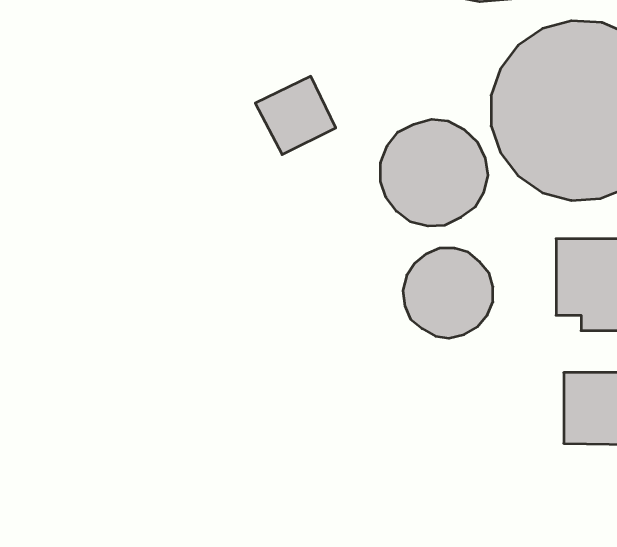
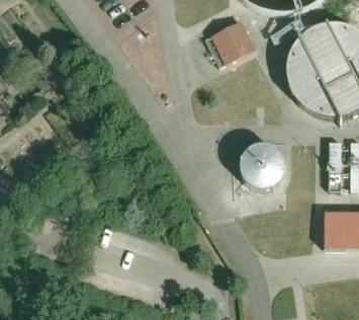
building: [255,76,336,155] -> [209,19,252,61]
building: [380,119,488,226] -> none

